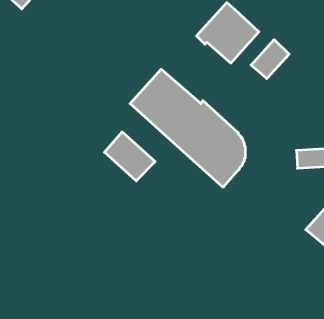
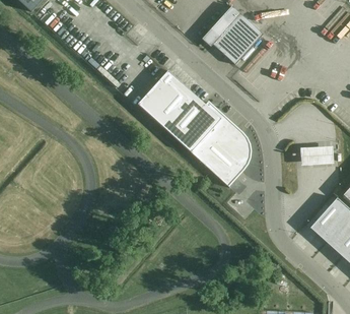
building: [251,40,289,79] -> none
building: [104,132,155,181] -> none

